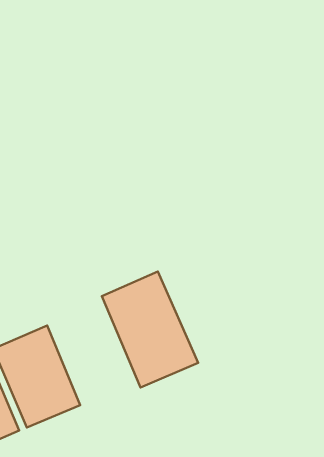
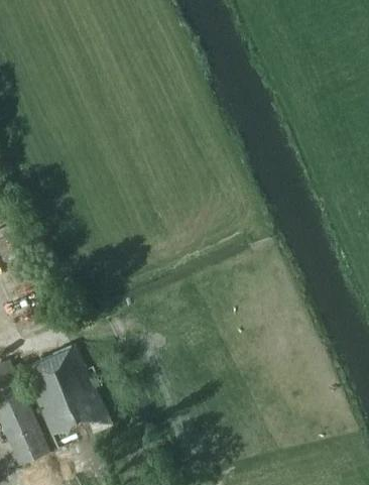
building: [102,271,198,388] -> none

